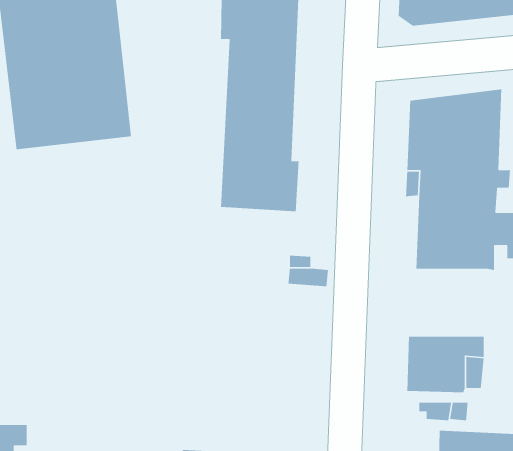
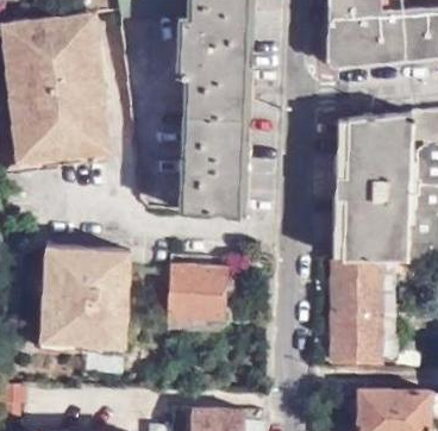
building: none -> [36,244,126,345]
building: none -> [333,260,398,313]
building: none -> [167,266,224,319]

